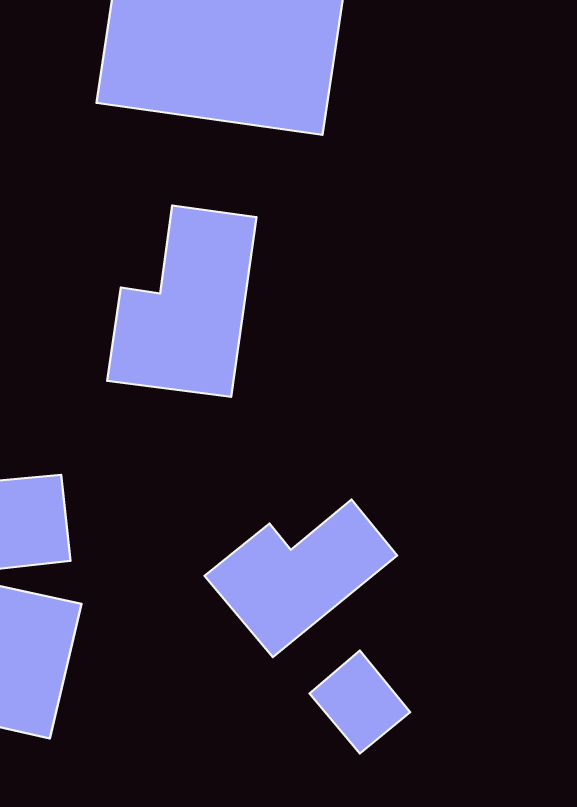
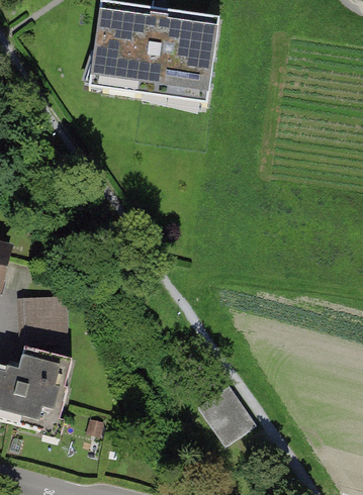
building: [107,205,256,397] -> none
building: [205,500,397,657] -> none

